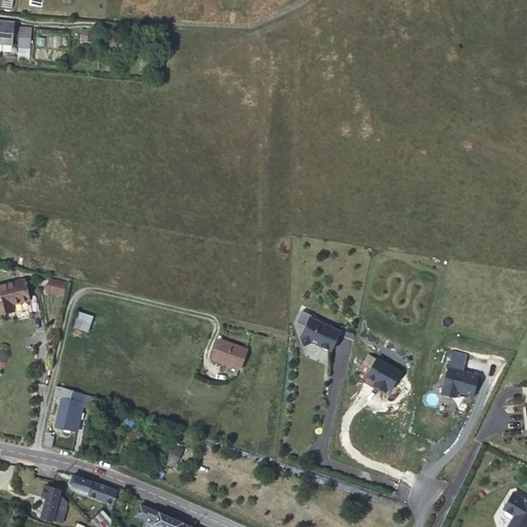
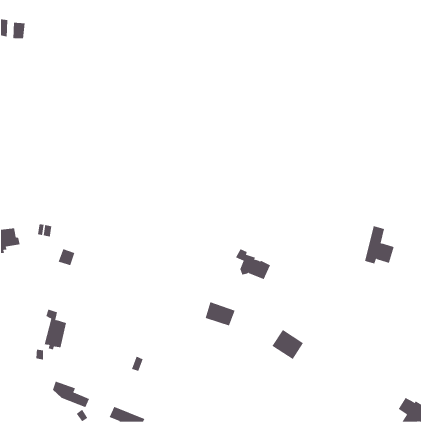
building: [212,339,250,370] -> [205,302,235,326]
building: [443,350,481,398] -> [364,226,395,264]
building: [365,356,406,394] -> [272,329,304,360]
building: [42,486,67,521] -> none

